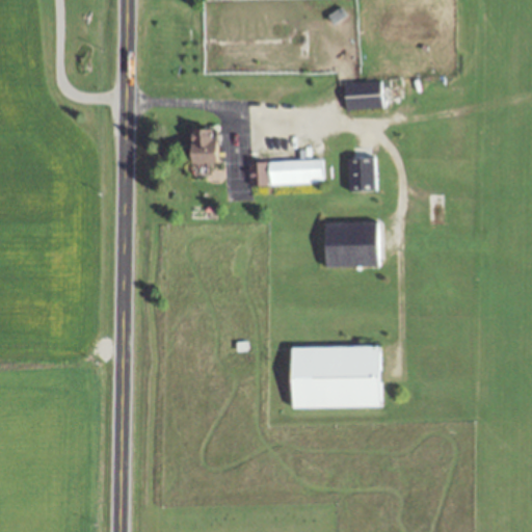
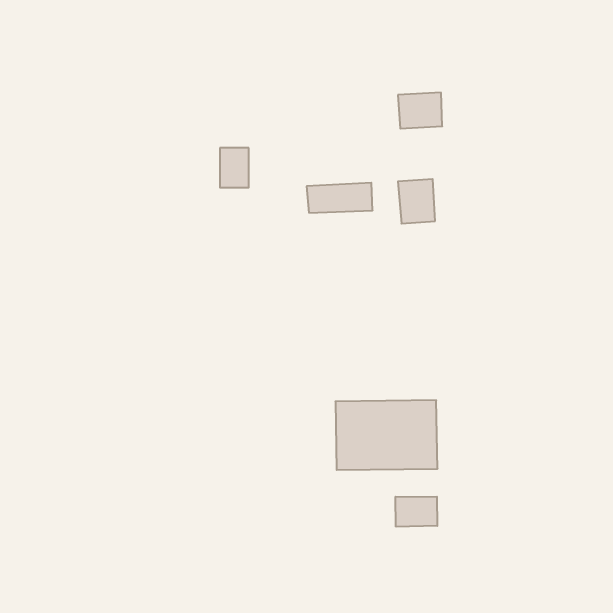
building: [323,220,383,265] -> none
building: none -> [396,497,437,527]

